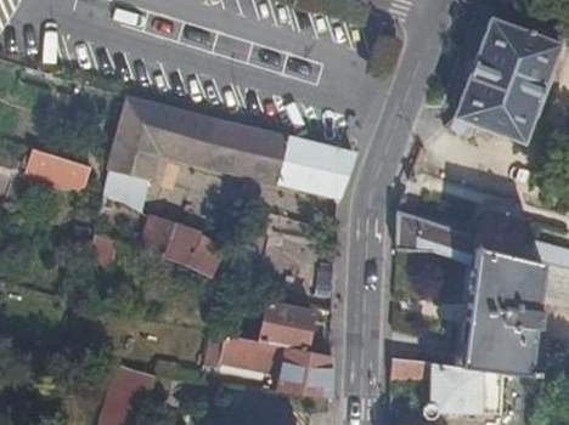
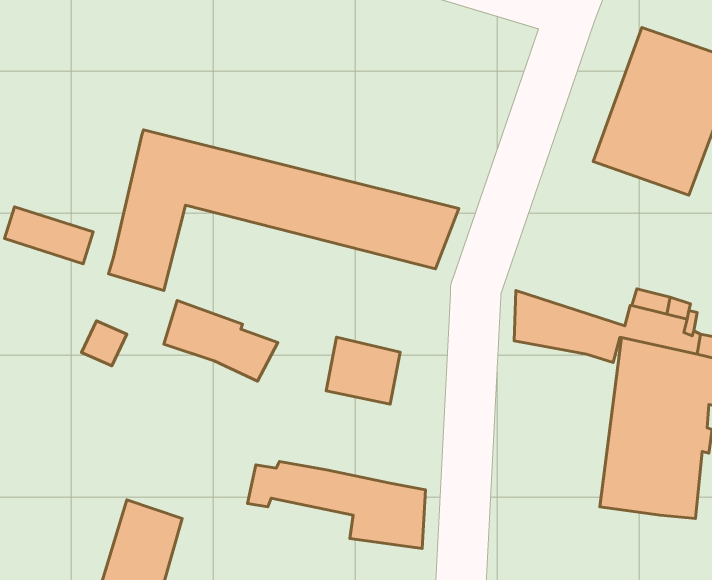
building: [260,302,314,351] -> [326,337,400,404]
building: [390,359,502,413] -> none

